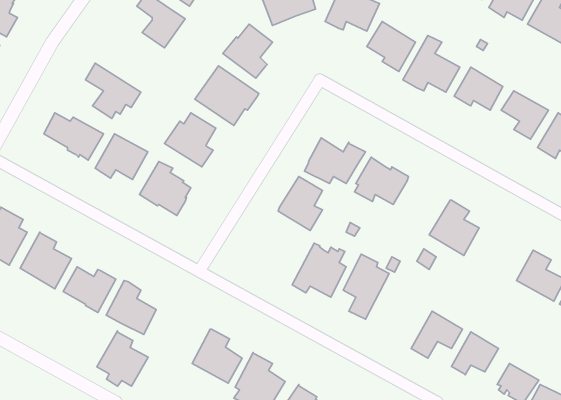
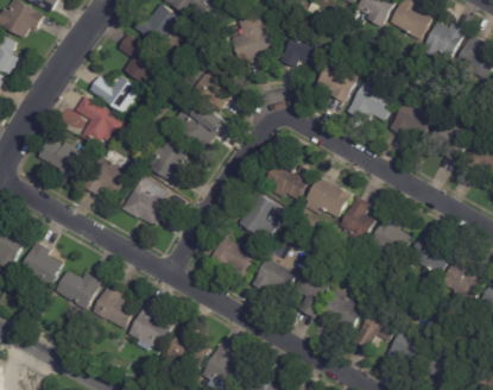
building: none -> [89,73,139,112]
building: none -> [341,195,377,249]
building: none -> [410,233,460,282]
building: none -> [209,235,259,279]
building: none -> [318,287,366,329]
building: [97,331,148,386] -> [128,302,172,350]

